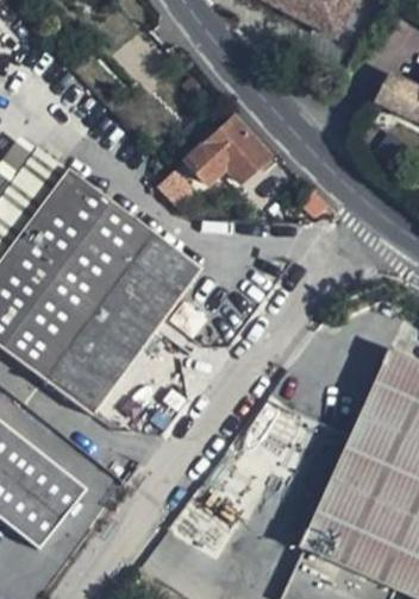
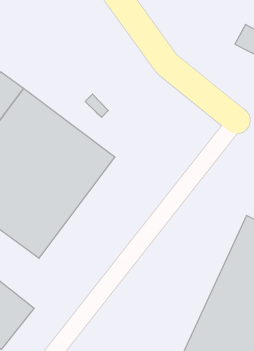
building: [182,118,267,188] -> none

